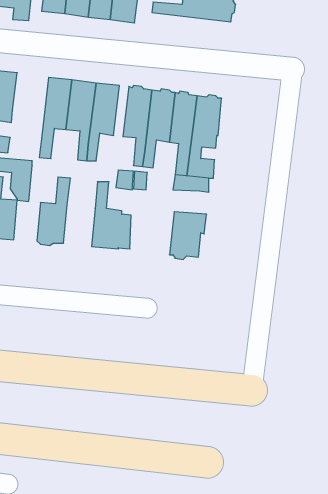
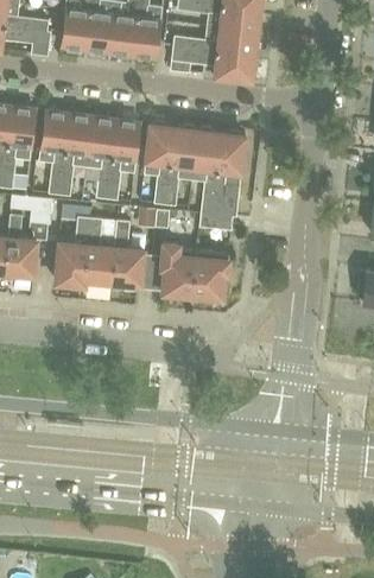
building: none -> [170,46,254,81]
building: none -> [34,109,68,195]
building: none -> [83,216,115,286]
building: none -> [151,247,196,297]

